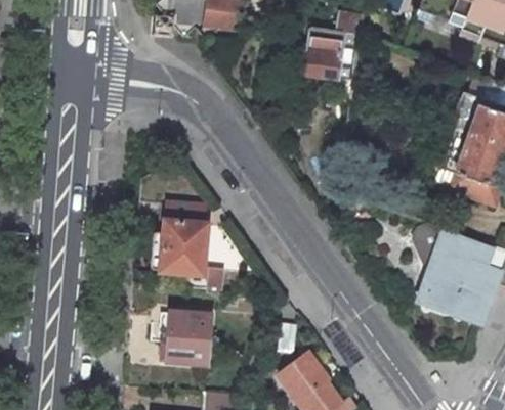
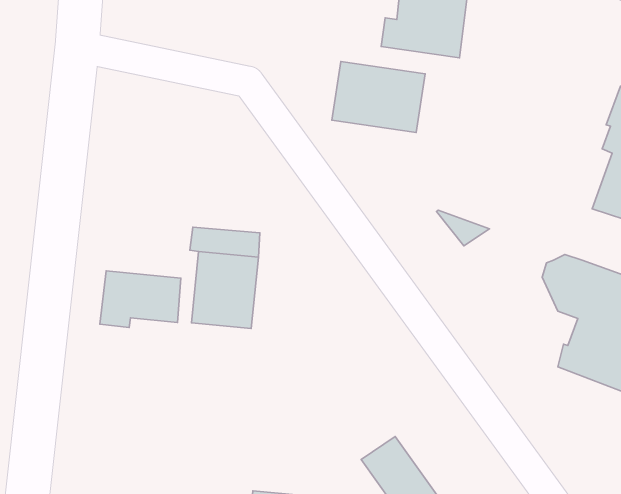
building: none -> [332,62,425,132]
building: none -> [100,271,181,328]
building: [163,313,212,363] -> none

